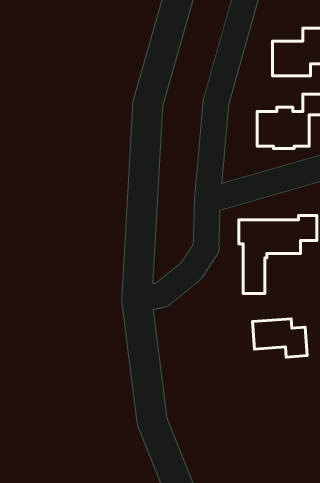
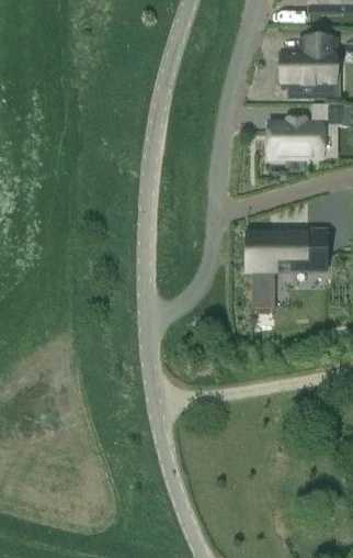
building: [253,319,307,357] -> none

